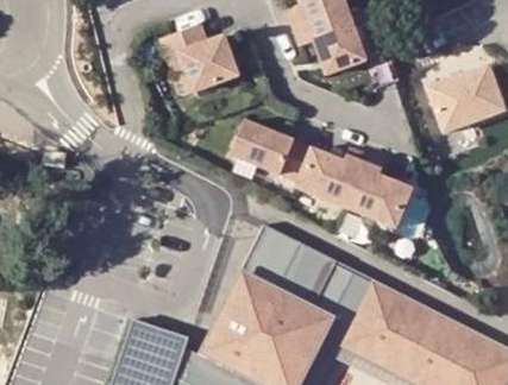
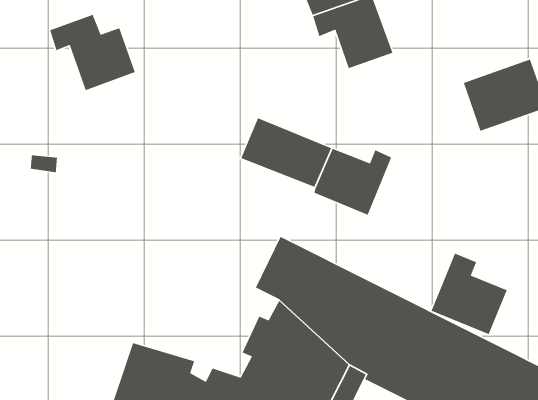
building: [158,26,236,95] -> [49,14,136,91]
building: [344,154,413,228] -> [430,253,508,335]
building: [205,271,264,351] -> none

